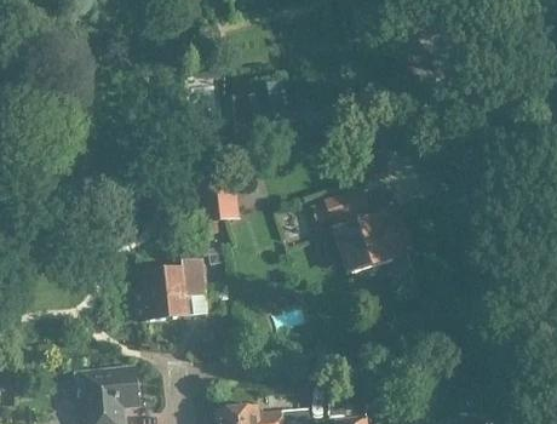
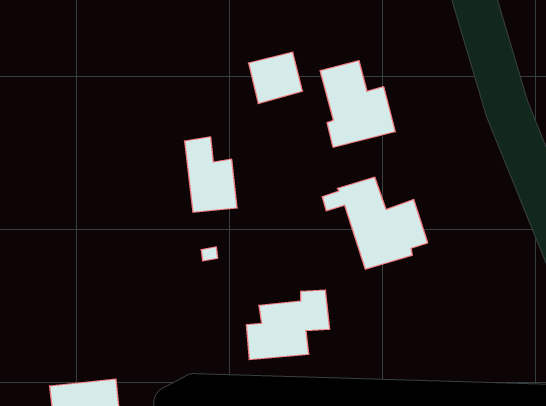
building: none -> [320,61,395,147]
building: [133,258,206,319] -> [246,290,330,360]

